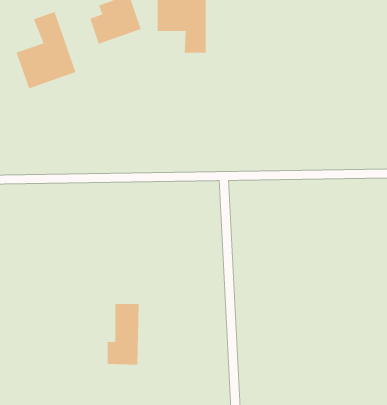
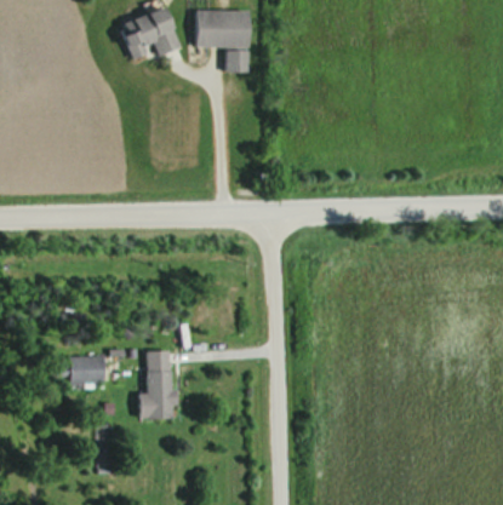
building: [16,11,76,89] -> none
building: none -> [72,357,105,390]

